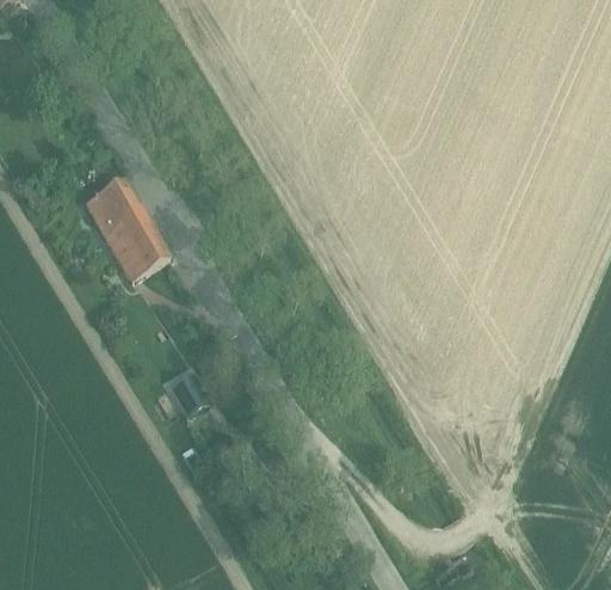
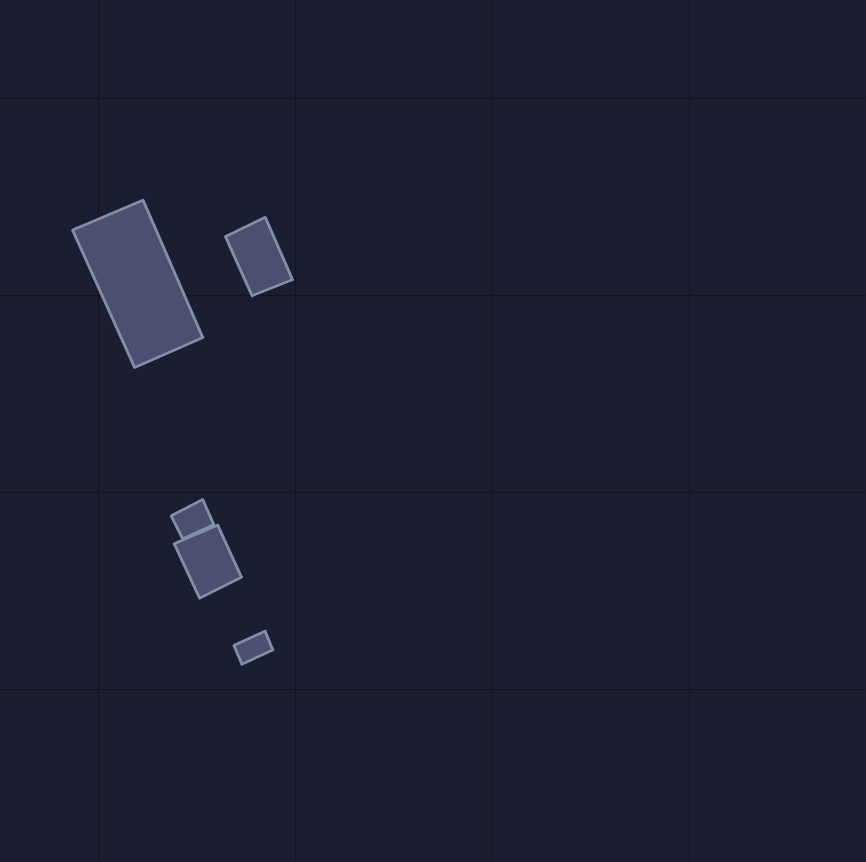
building: none -> [226,217,292,296]

